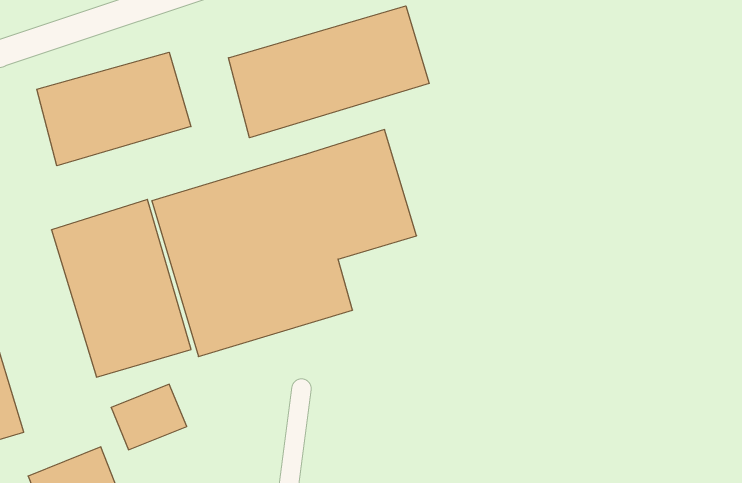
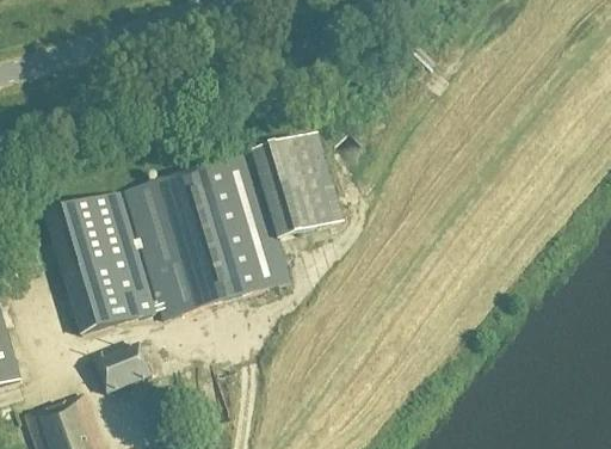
building: [228,6,429,138] -> none
building: [37,52,191,166] -> none

